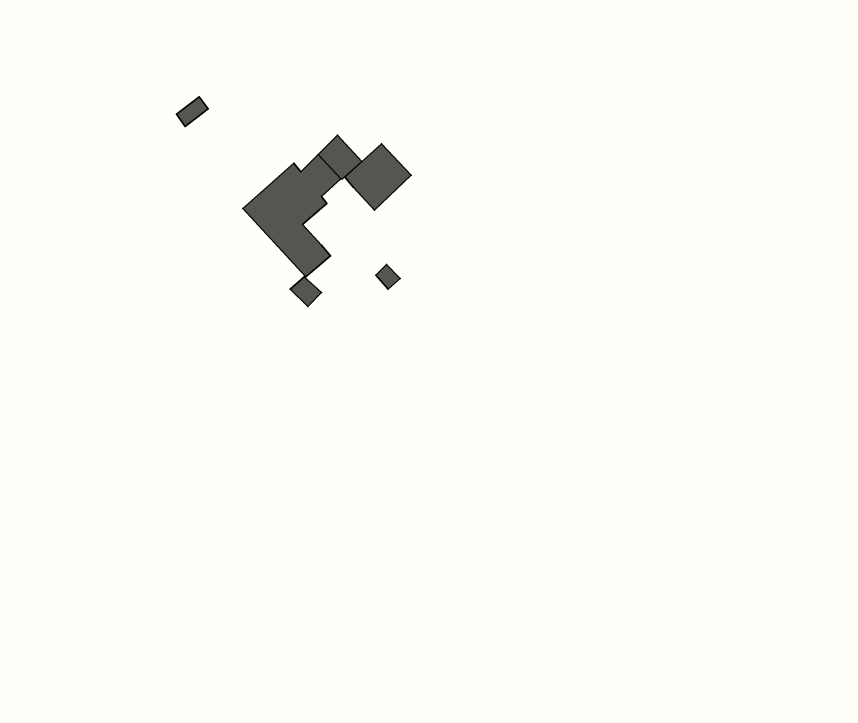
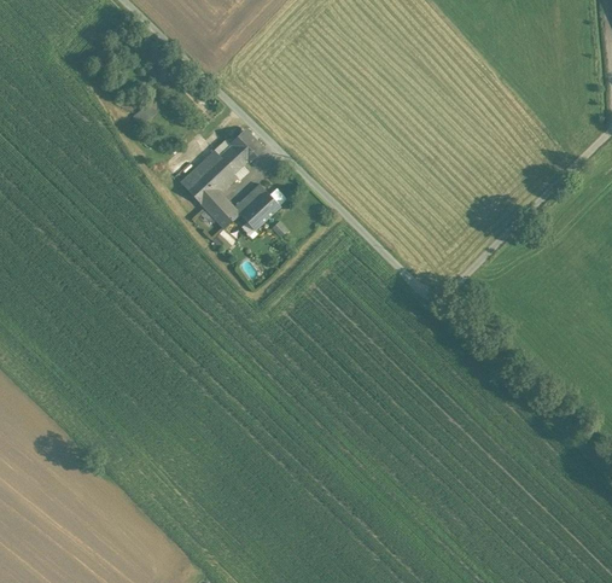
building: [345,144,411,210] -> [233,183,279,229]

